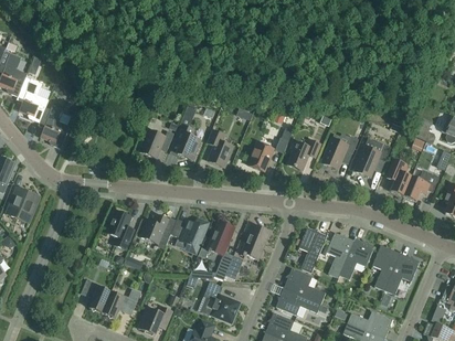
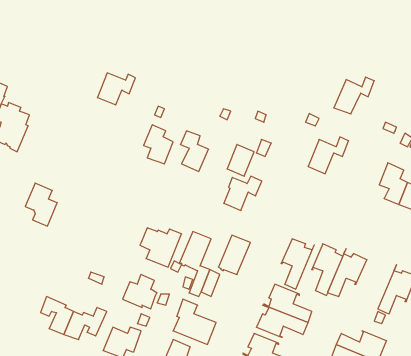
building: [139,129,173,158] -> [97,73,135,105]
building: [286,140,320,171] -> [224,176,262,211]
building: [353,143,390,177] -> [334,77,374,114]
building: [106,211,135,249] -> [25,183,57,226]
building: [140,214,171,245] -> [123,274,157,309]
building: [371,245,401,290] -> none

